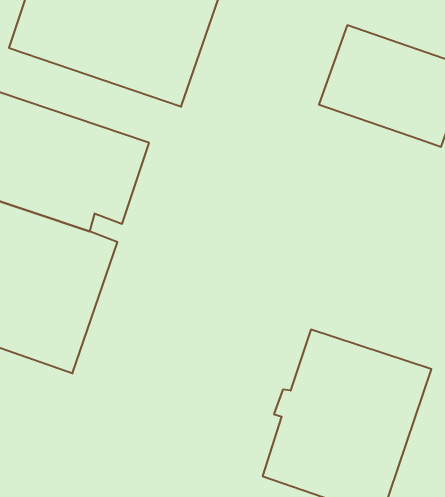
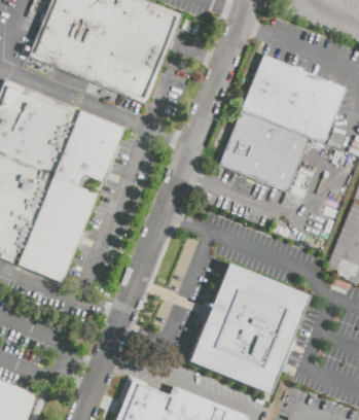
building: none -> [219,108,310,191]

